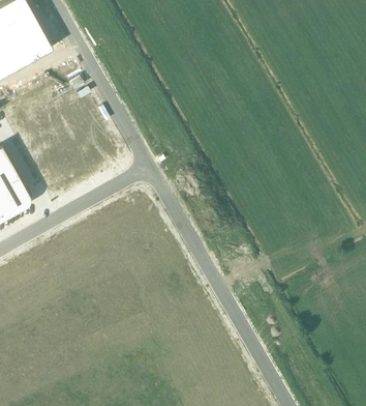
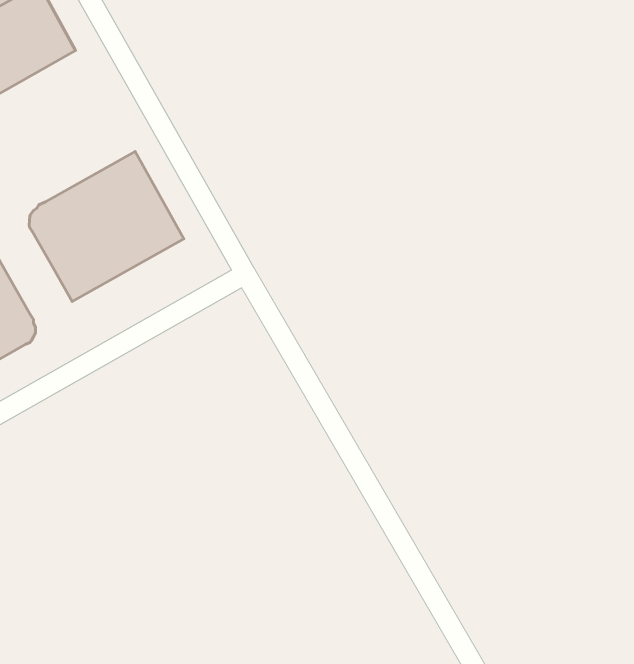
building: none -> [29,152,184,302]

